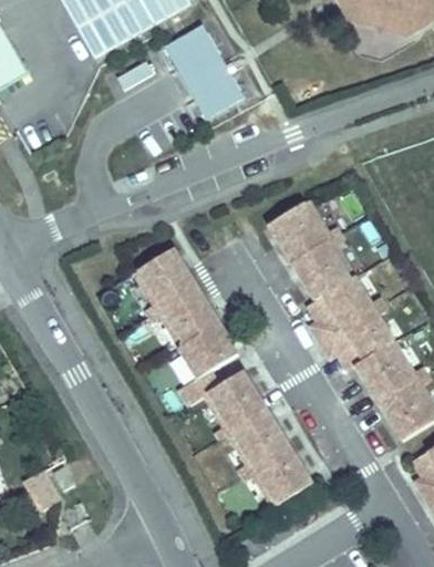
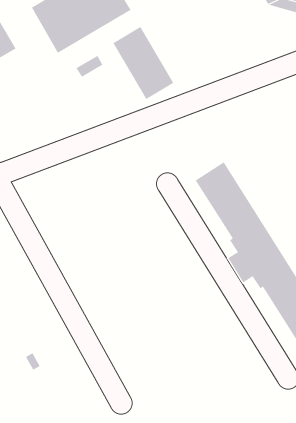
building: [138,259,317,515] -> none

